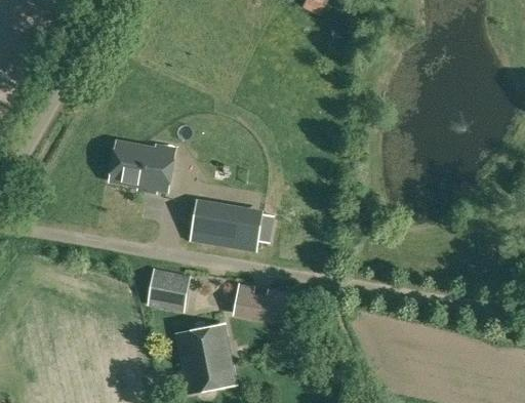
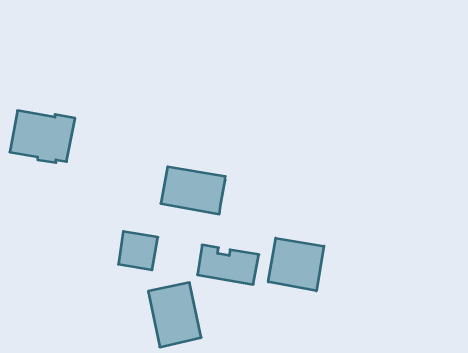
building: [106,139,175,195] -> [10,111,75,163]
building: none -> [268,238,324,291]

